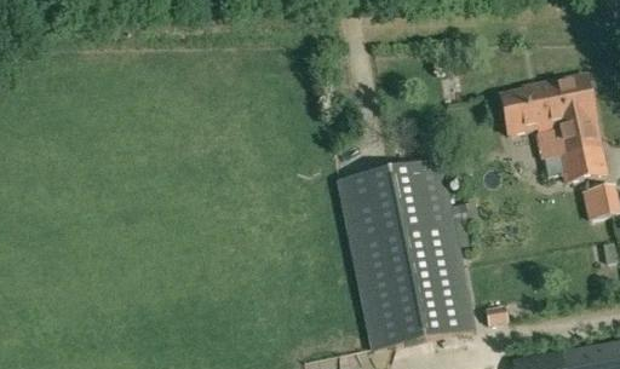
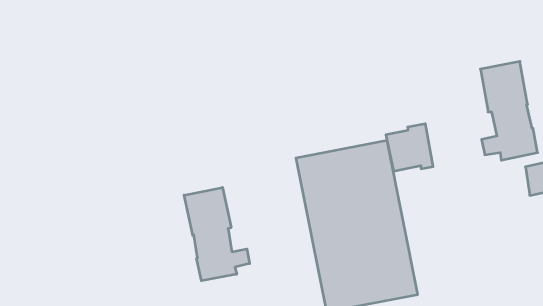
building: [499,81,551,133] -> [386,124,433,171]
building: none -> [184,187,250,281]

